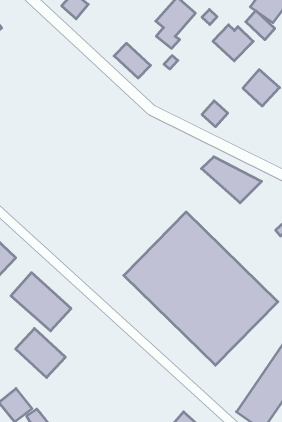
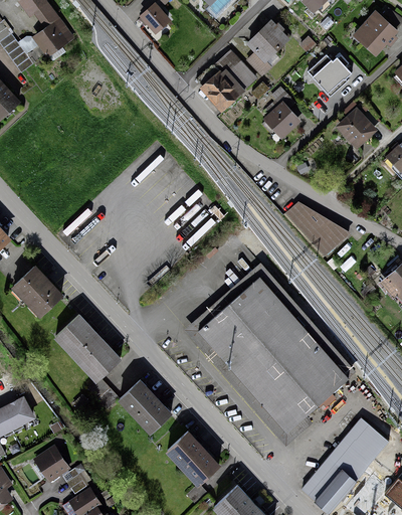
building: [246,11,275,40] -> none
building: none -> [218,49,255,89]
building: [202,101,228,127] -> [267,106,296,135]
building: [16,328,65,378] -> [119,379,174,436]
building: none -> [168,432,222,487]

